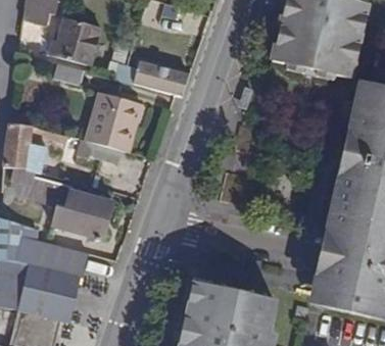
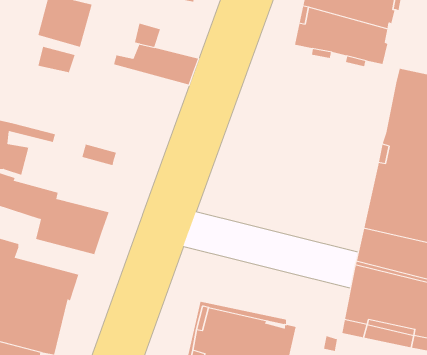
building: [86,93,143,152] -> none

